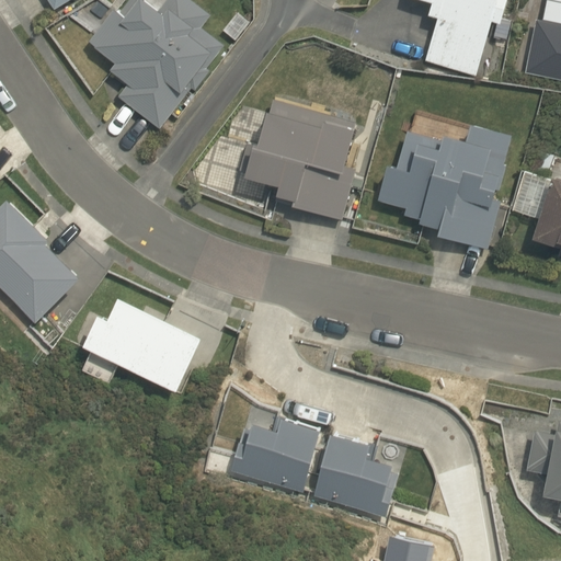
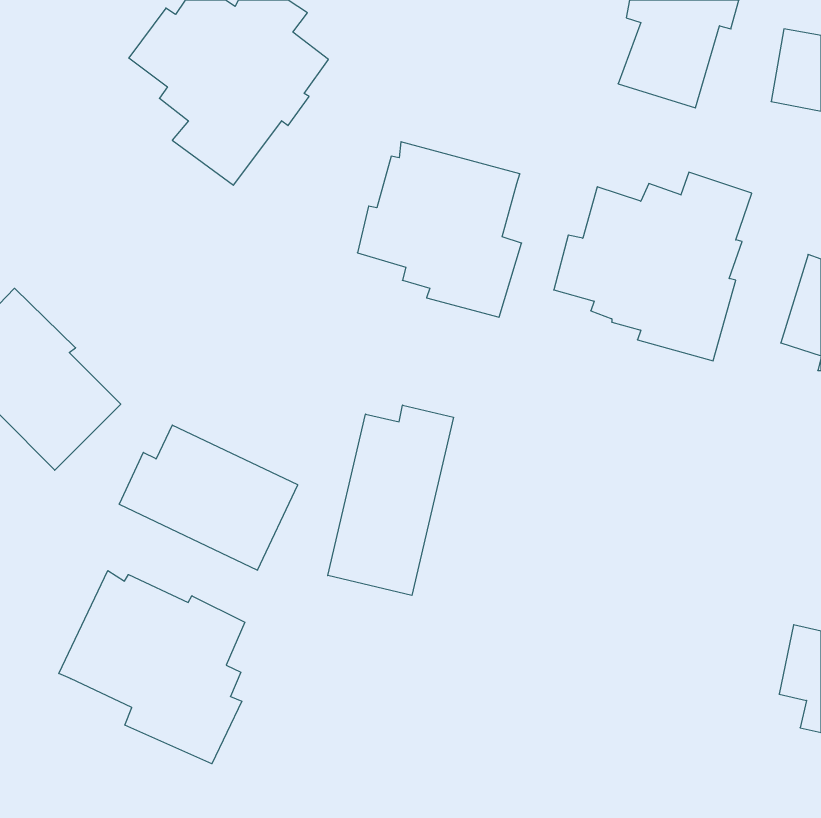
building: none -> [328,405,453,595]
building: none -> [59,571,245,764]
building: [236,423,401,517] -> none

